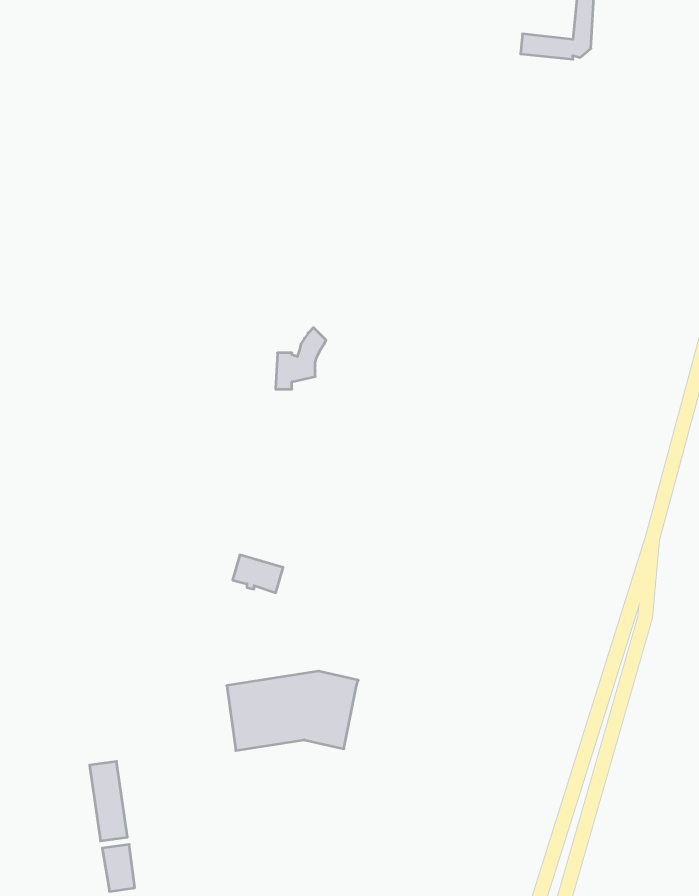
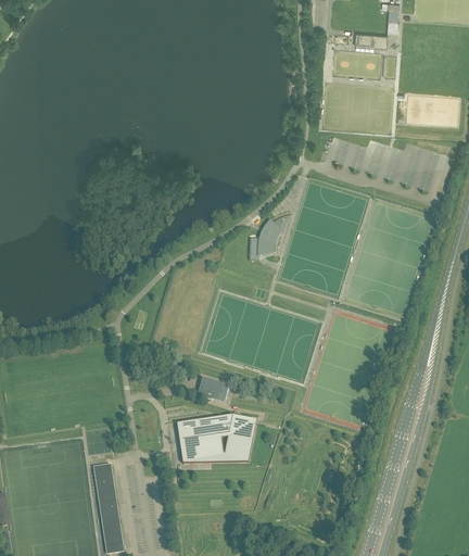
building: [276,328,326,389] -> [249,220,279,257]
building: [233,555,283,593] -> [198,377,228,400]

